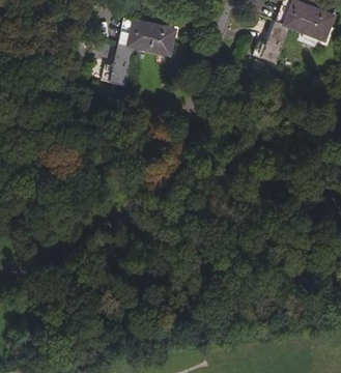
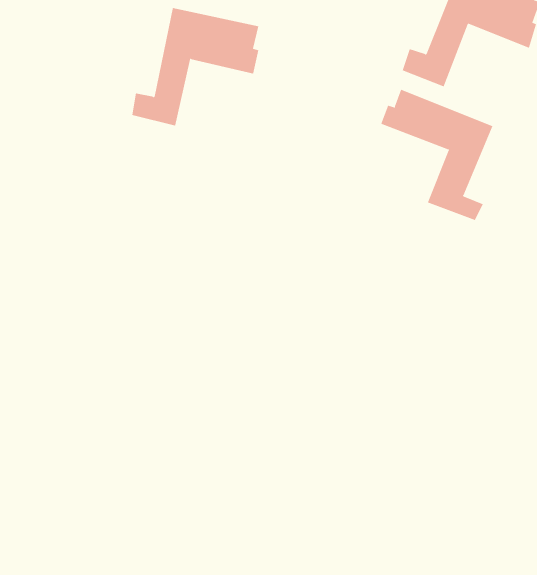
building: none -> [381,89,493,221]

